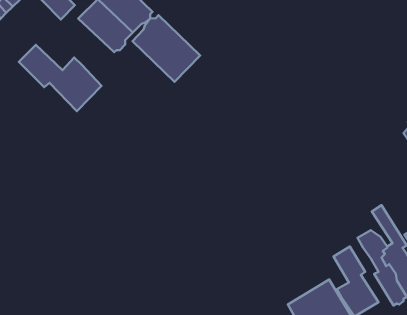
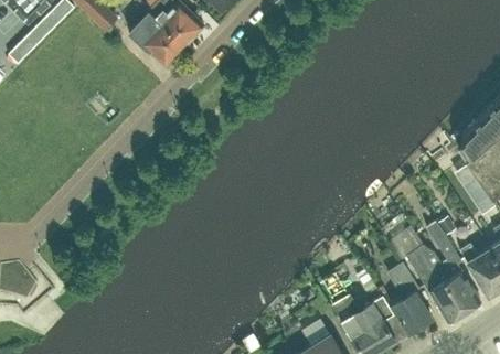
building: [133,15,200,82] -> none
building: [19,45,101,111] -> none

